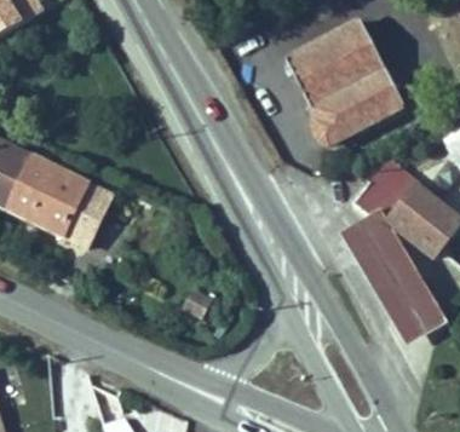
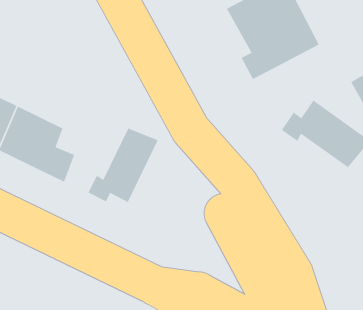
building: none -> [87,127,159,203]
building: [333,205,443,336] -> none

